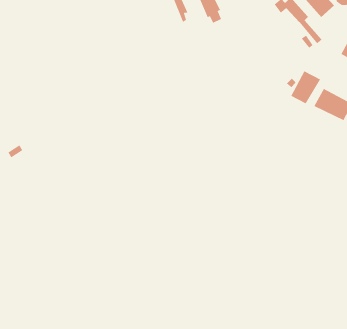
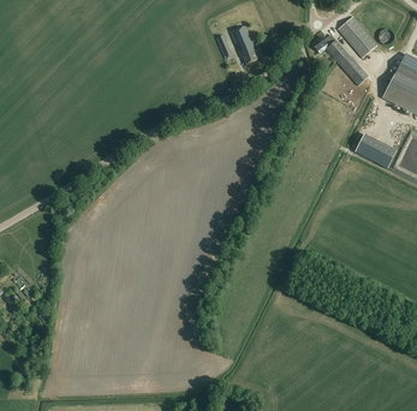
building: [291,71,321,104] -> none

